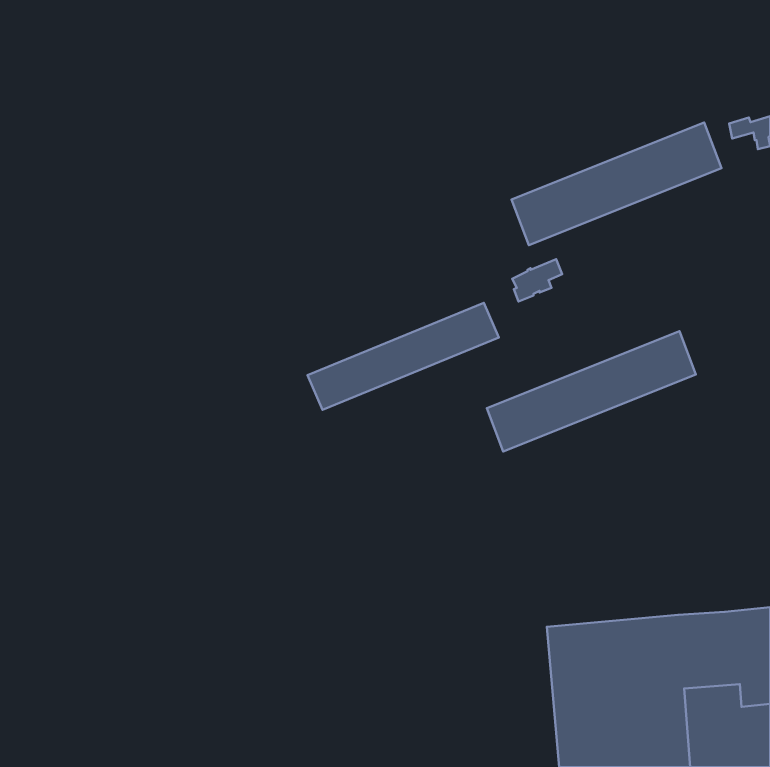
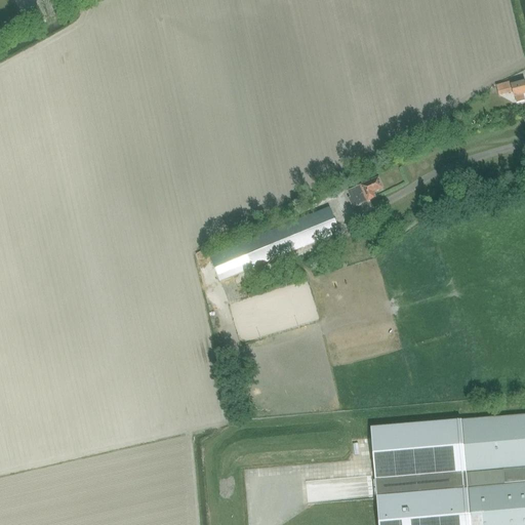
building: [511,123,721,245] -> none
building: [487,331,696,452] -> none

